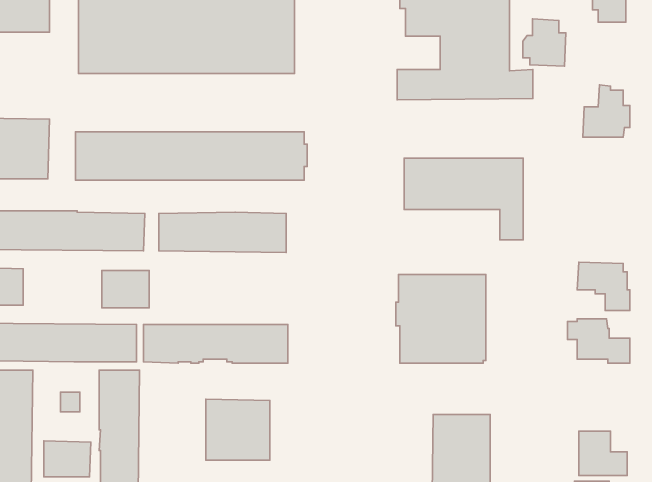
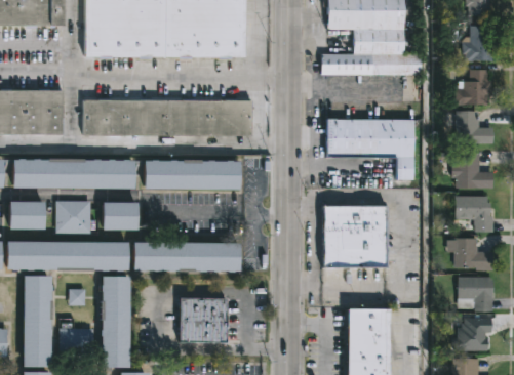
building: [523,19,566,66] -> [463,26,495,60]
building: none -> [456,111,493,143]
building: none -> [443,153,493,189]
building: none -> [55,201,91,234]
building: none -> [459,277,493,310]

